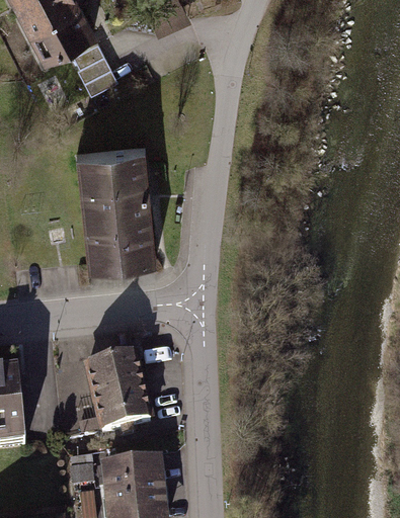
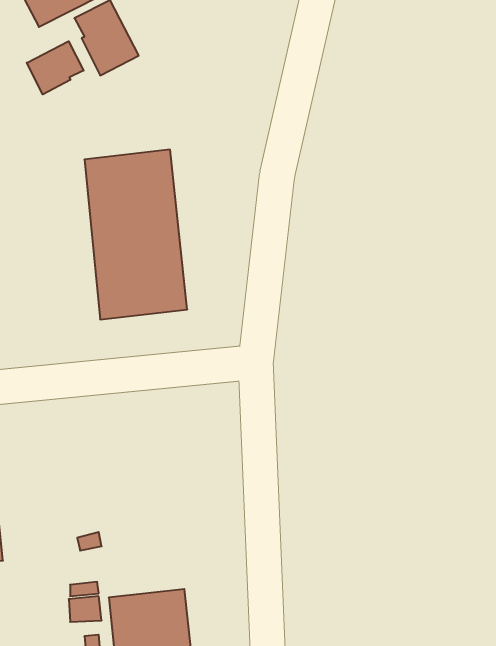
building: none -> [27,41,84,94]
building: [84,353,146,428] -> none

